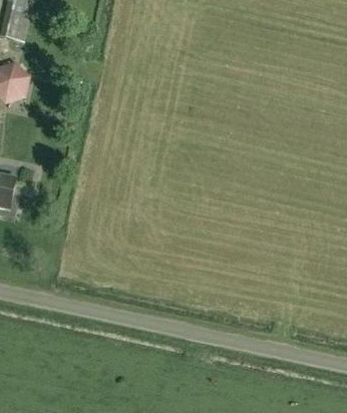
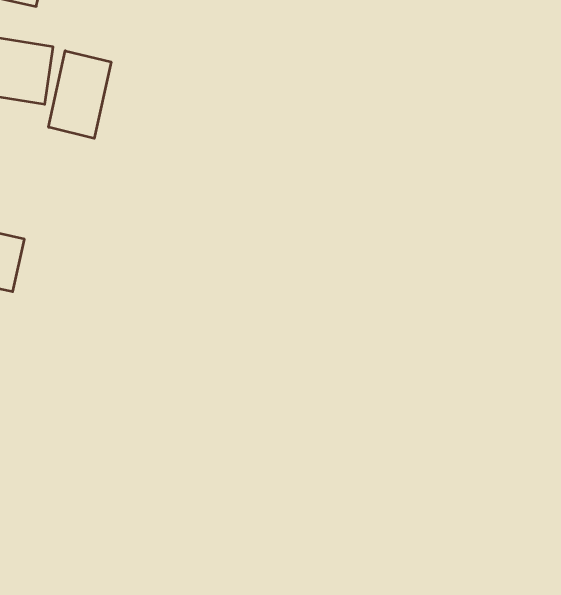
building: none -> [49,51,111,138]

